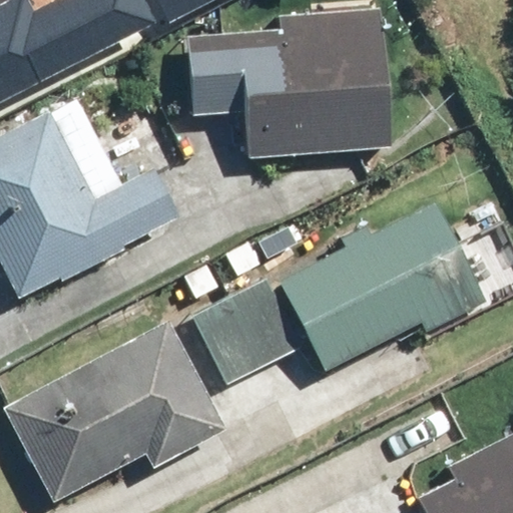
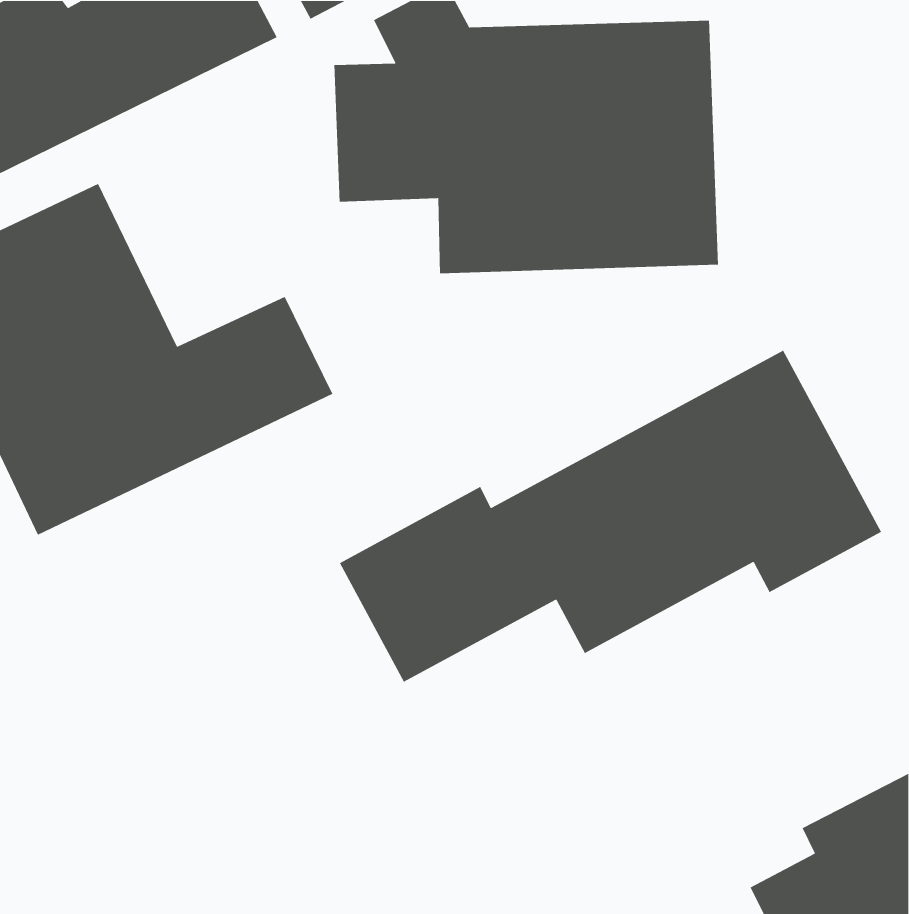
building: [8,322,224,499] -> none

